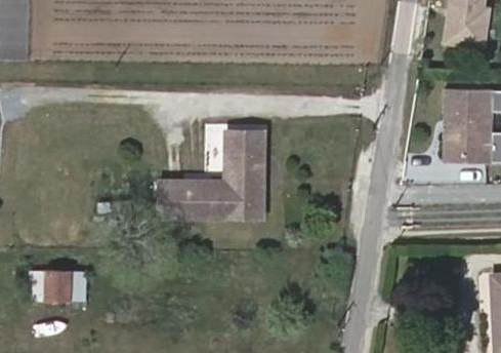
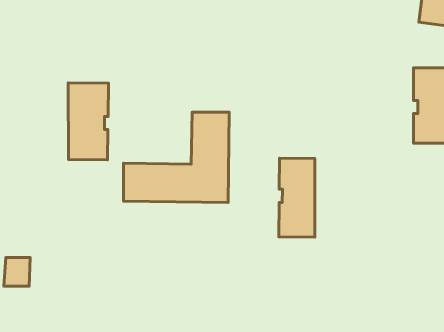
building: none -> [68,83,108,160]
building: none -> [279,158,315,237]

